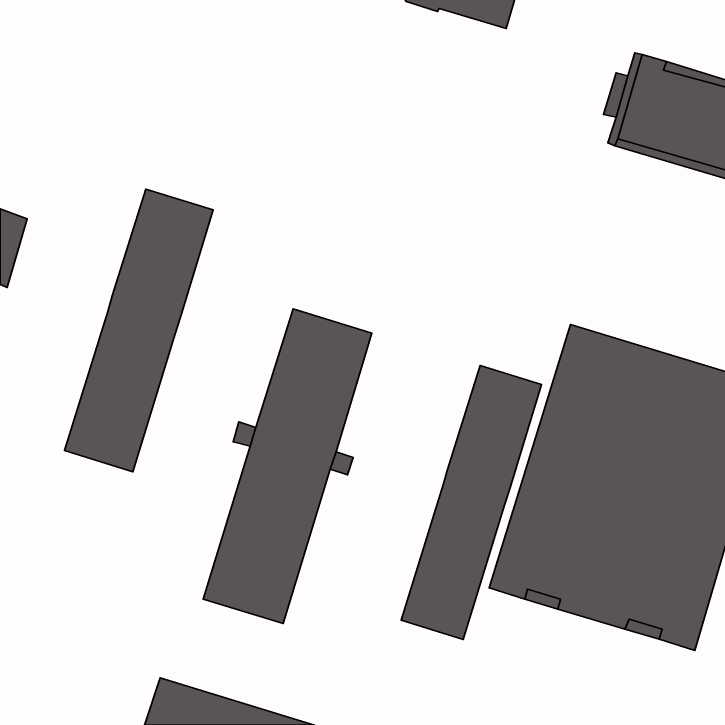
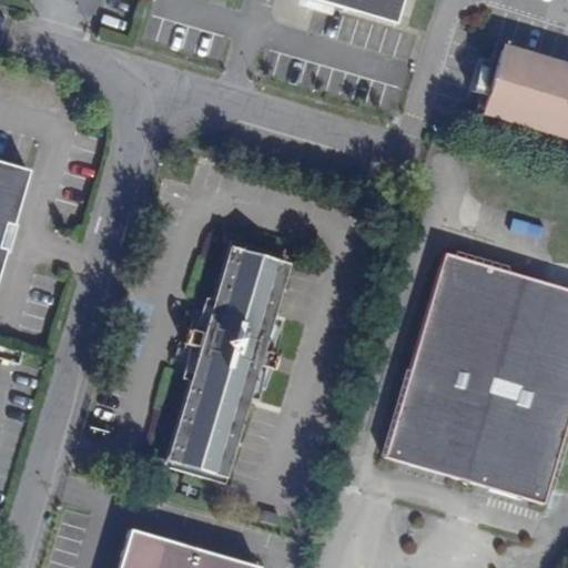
building: [65,189,213,472] -> none
building: [401,366,541,640] -> none

